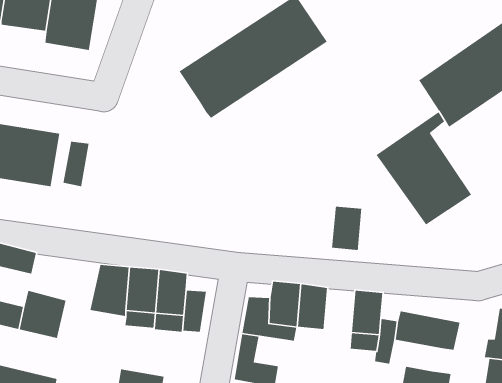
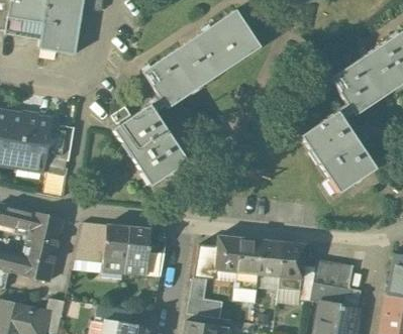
building: none -> [110,95,185,185]
building: [331,206,362,251] -> [258,240,282,275]
building: none -> [25,212,63,250]
building: none -> [309,282,351,306]

